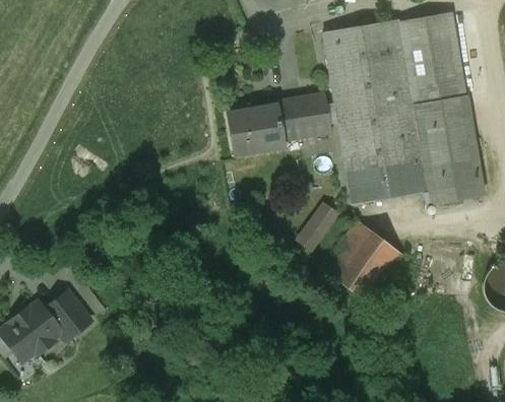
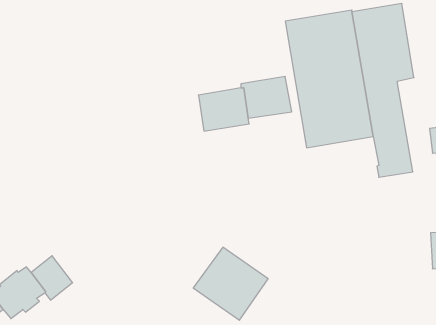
building: [447,93,485,197] -> none
building: [348,158,427,203] -> none
building: [298,199,340,250] -> none
building: [324,222,406,303] -> [193,247,268,320]

